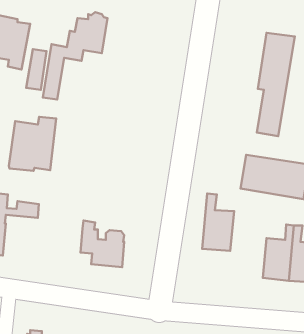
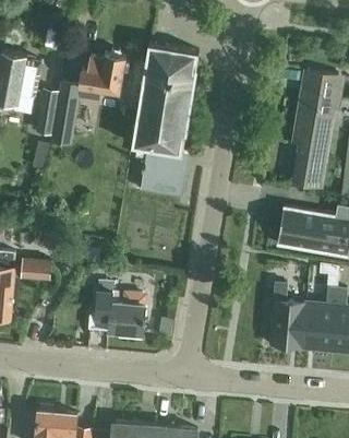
building: none -> [130,44,197,196]
building: [9,117,56,171] -> none
building: [202,194,234,251] -> [269,283,305,347]

